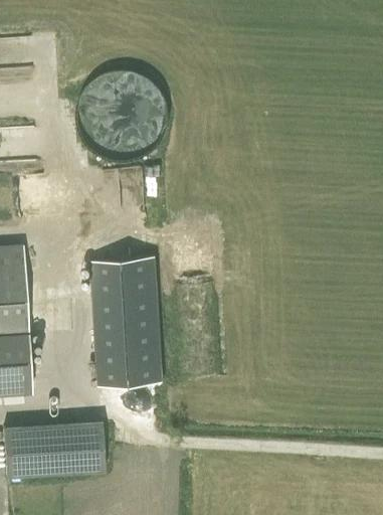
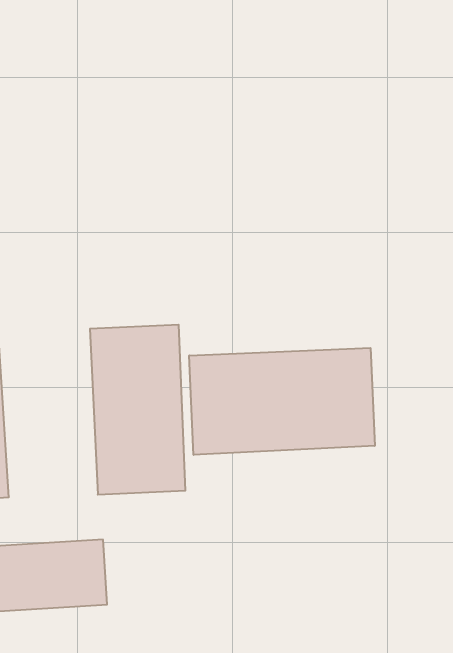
building: [74,69,167,162] -> none
building: none -> [189,348,375,455]

